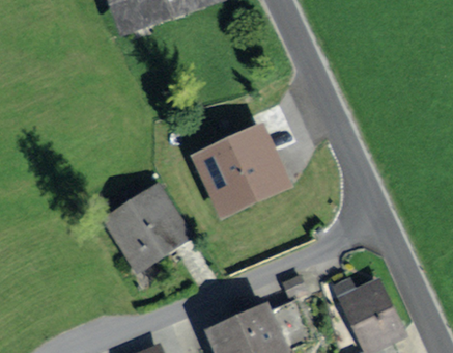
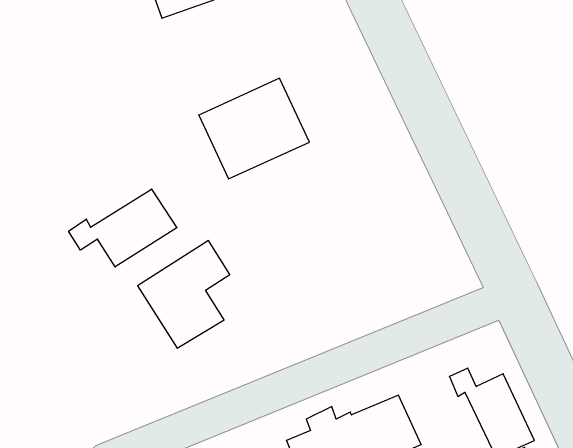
building: [197,134,278,208] -> [199,78,309,179]
building: none -> [69,189,177,267]

